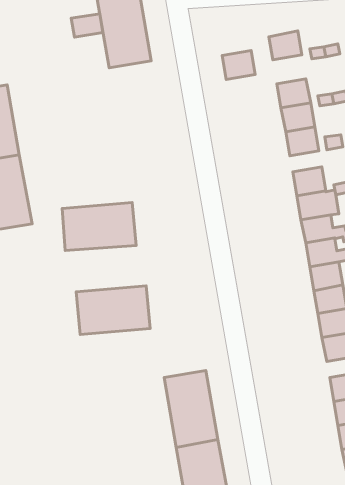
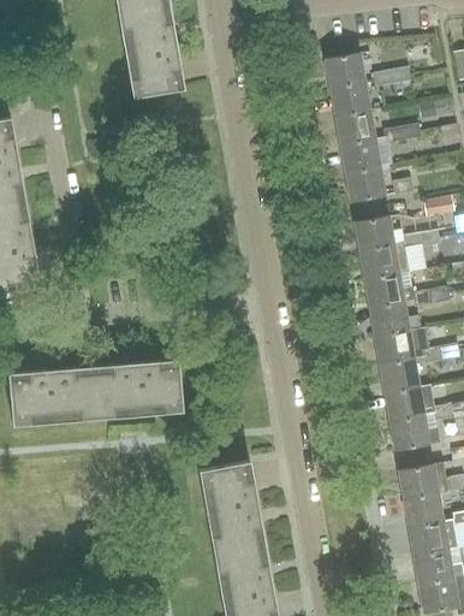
building: [71,14,103,37] -> none
building: [222,51,255,80] -> [331,82,370,117]
building: [62,203,136,251] -> [10,367,99,425]

